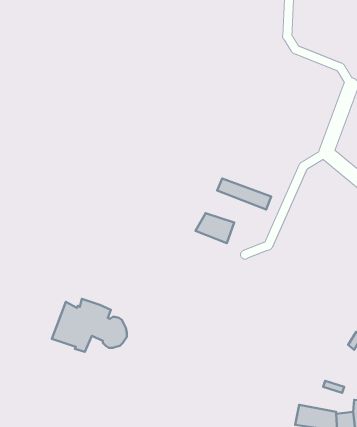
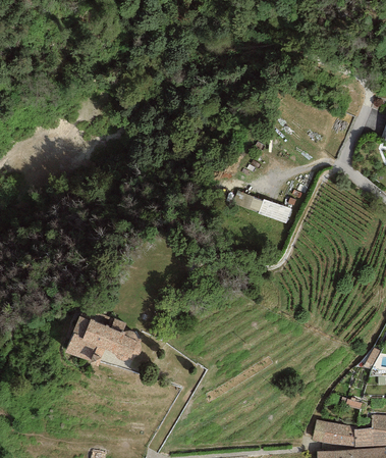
building: [196,213,234,243] -> none

